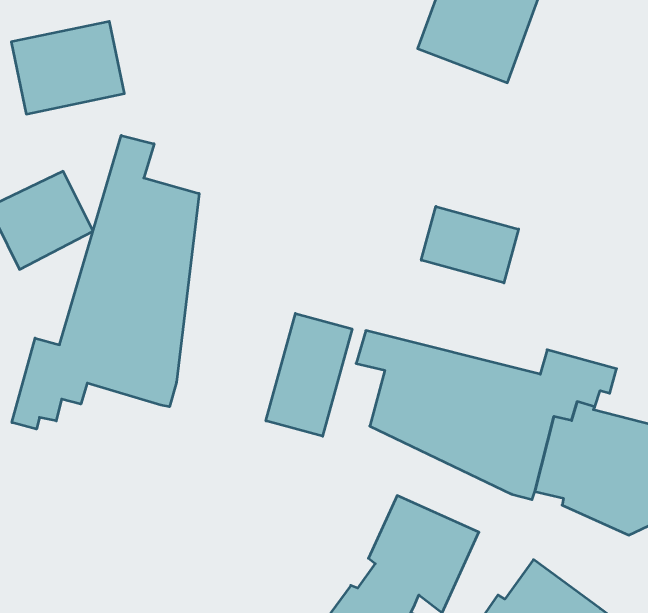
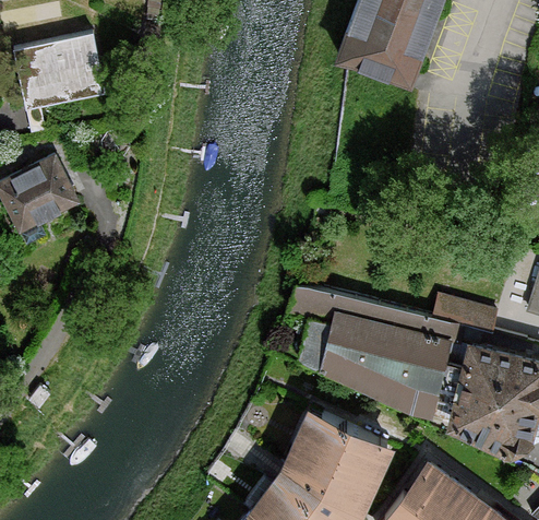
building: [12,135,199,429] -> none
building: [421,206,519,283] -> none
building: [266,313,352,436] -> none

